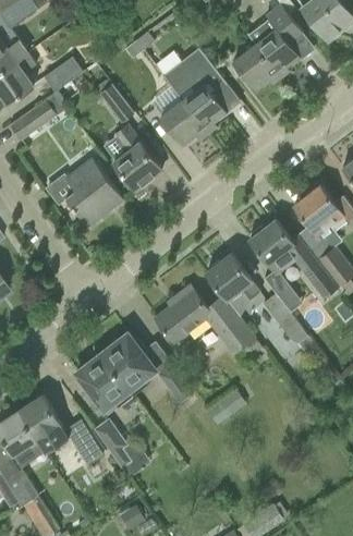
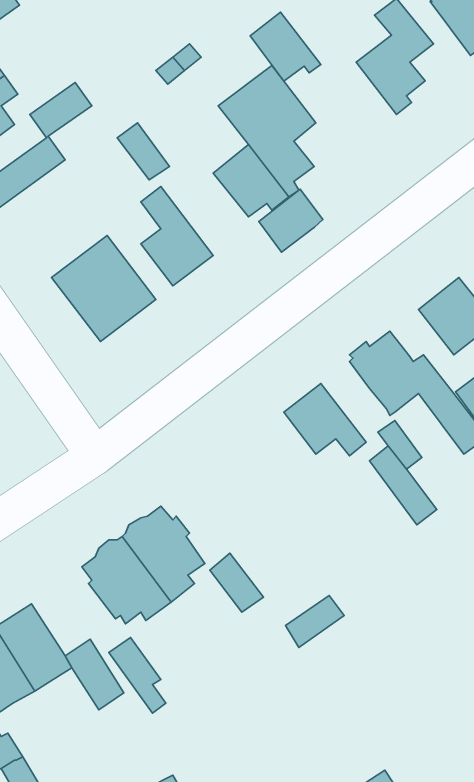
building: [234,46,280,90] -> [250,12,321,81]
building: none -> [259,189,323,252]
building: [156,285,255,354] -> none

